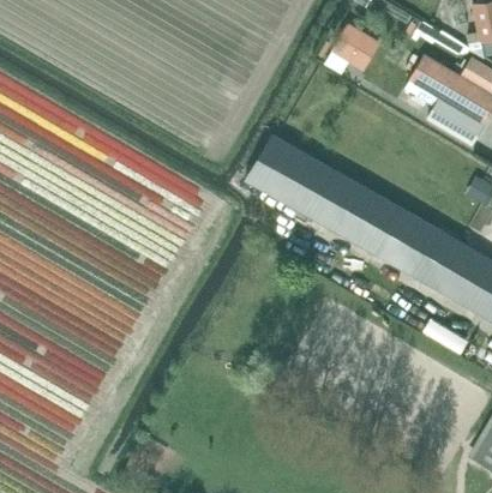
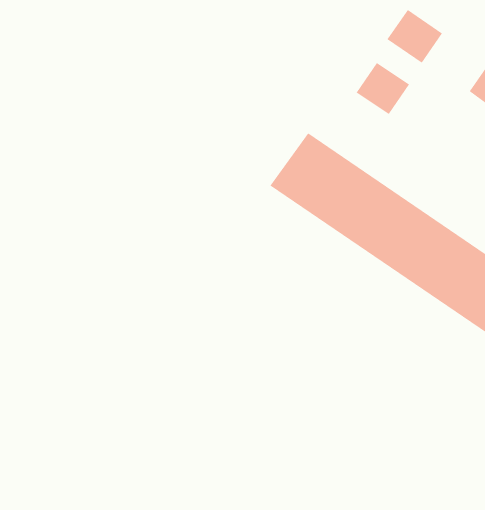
building: none -> [356,62,410,115]

